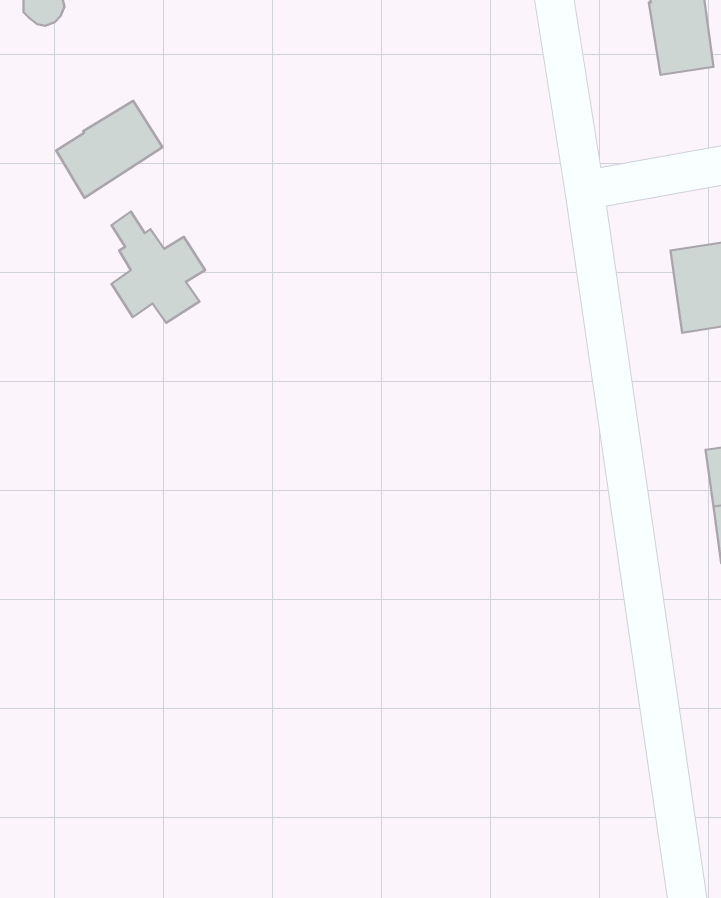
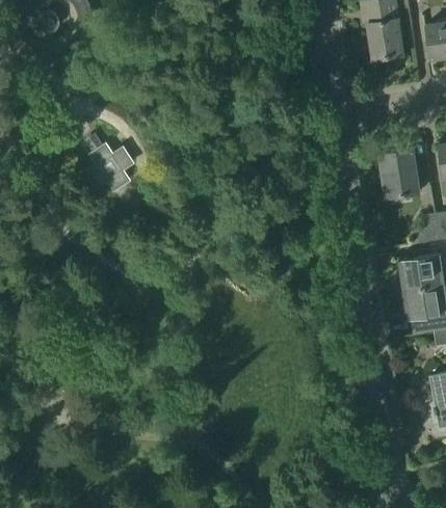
building: [56,101,163,198] -> none

